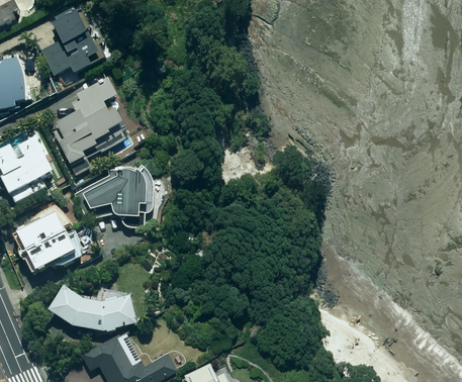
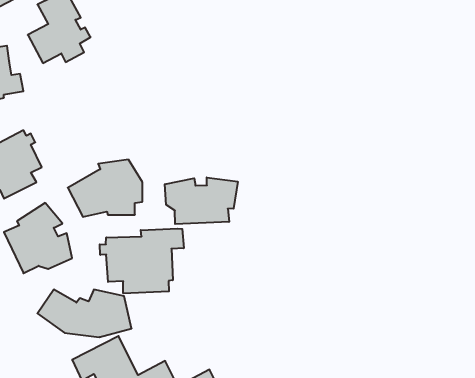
building: [56,79,133,165] -> none
building: none -> [165,177,238,224]
building: none -> [100,229,184,293]

